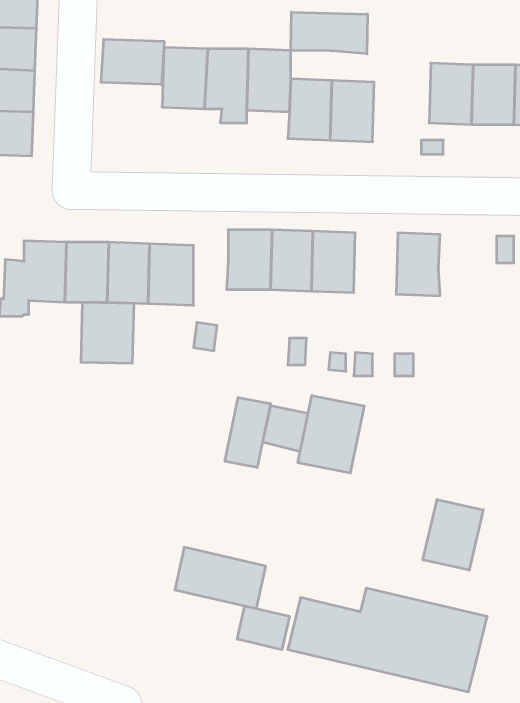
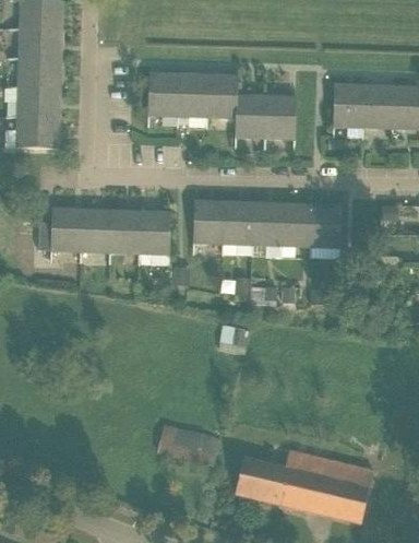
building: [291,12,367,54] -> none
building: [101,39,164,85] -> none
building: none -> [280,203,311,246]
building: [81,302,134,363] -> none
building: [298,395,364,473] -> none
building: [225,397,271,468] -> none
building: [423,499,483,570] -> none
building: [237,606,289,650] -> none

